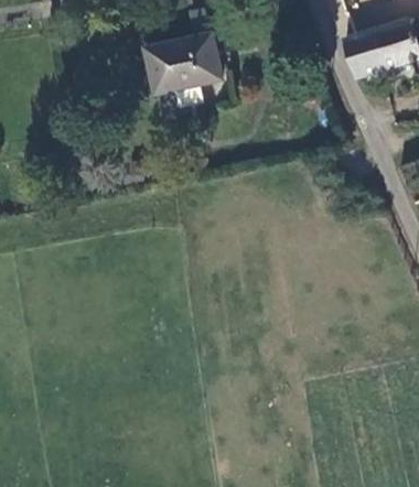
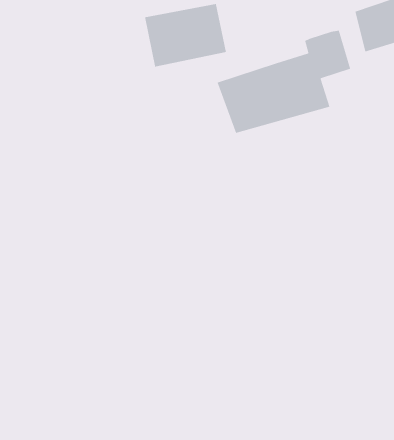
building: none -> [216,30,351,134]

